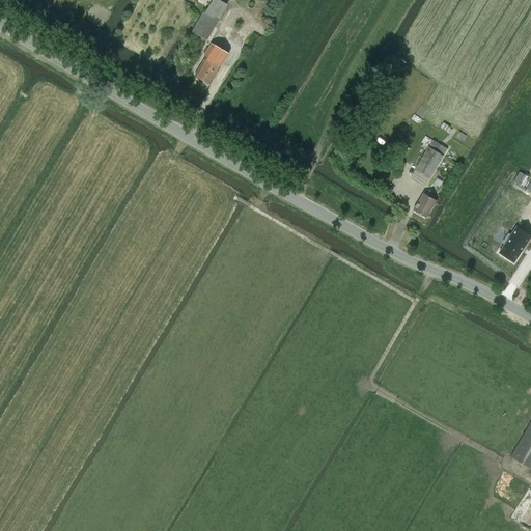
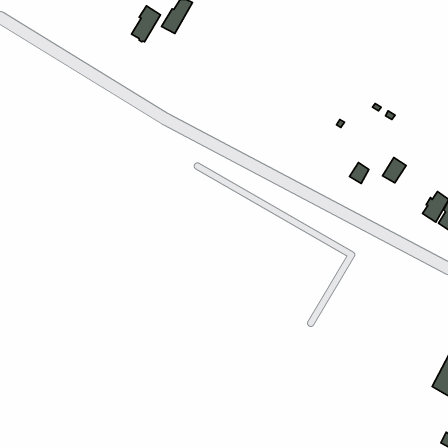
building: [195,41,229,84] -> [131,6,160,42]
building: [416,146,444,176] -> [382,158,406,183]

